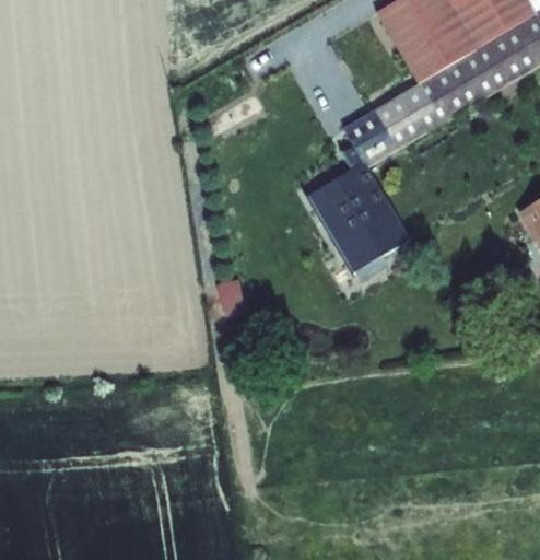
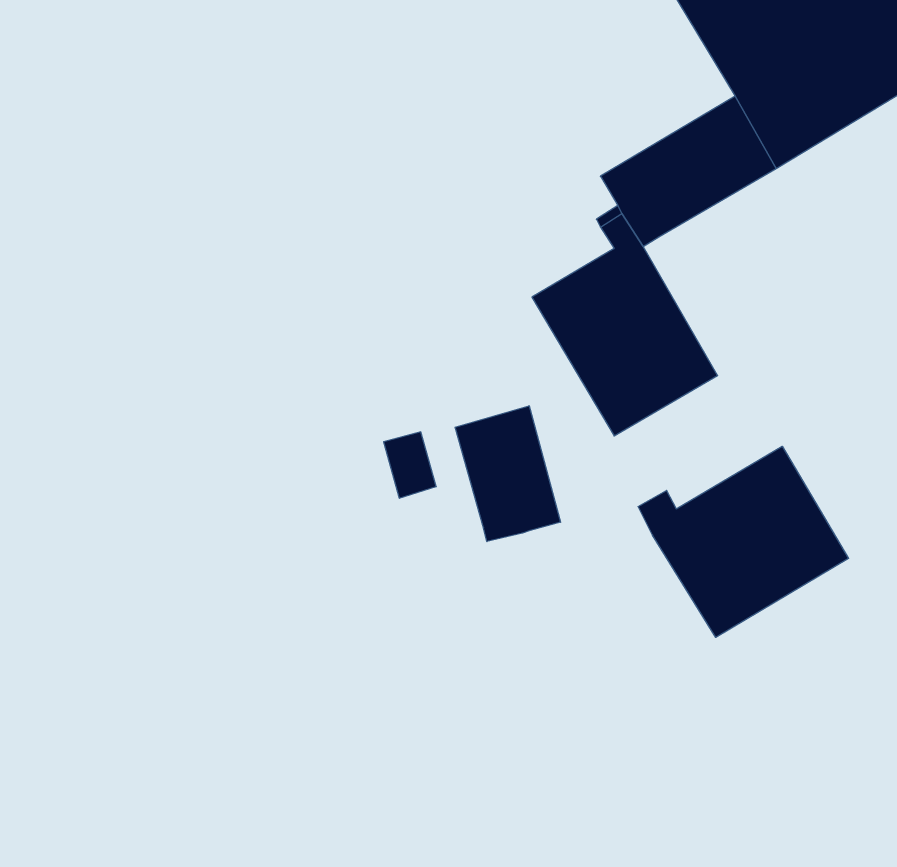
building: none -> [455,406,561,542]
building: none -> [638,446,849,637]

